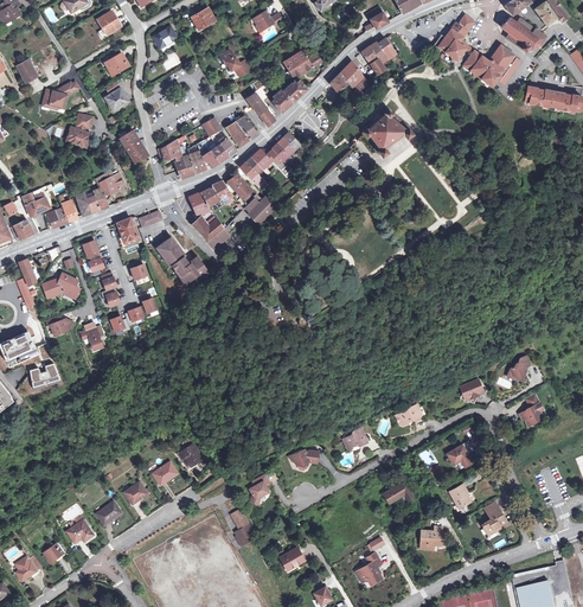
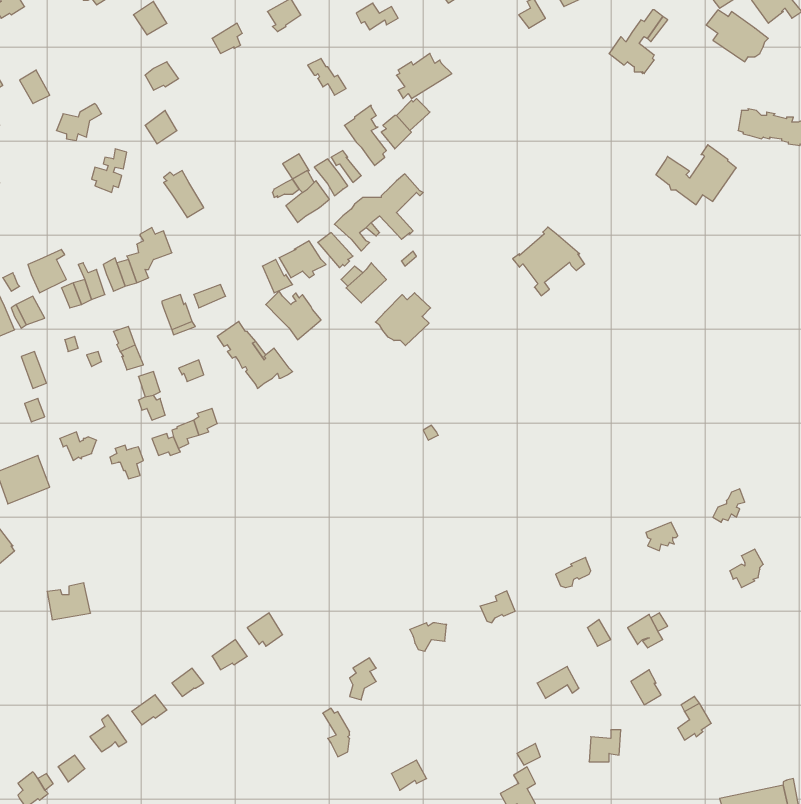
building: [361,37,396,75] -> none
building: [463,44,520,87] -> [656,145,736,205]
building: [331,60,367,94] -> none
building: [363,108,414,156] -> [513,227,585,296]
building: [158,138,206,178] -> none
building: none -> [375,293,431,346]
building: [43,271,81,296] -> none
building: [30,363,60,389] -> [47,583,91,620]

